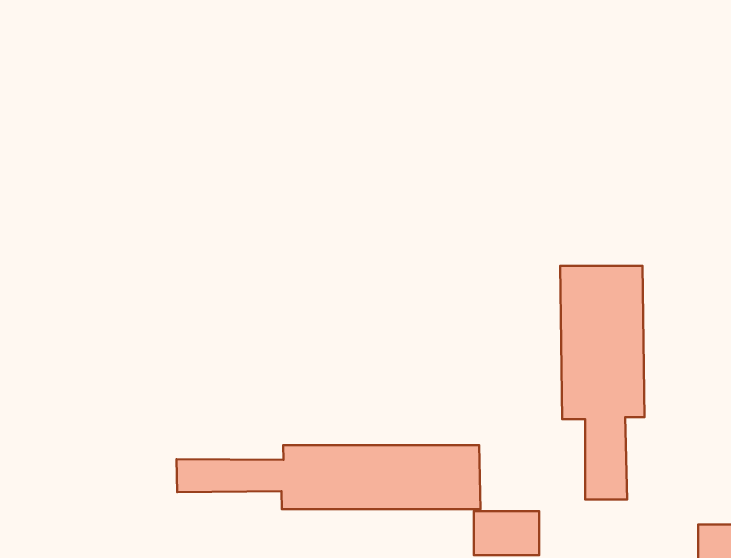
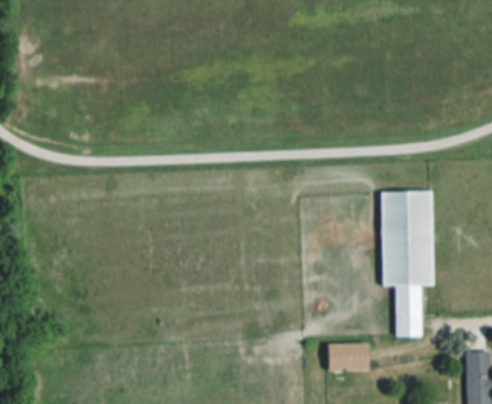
building: [177,445,481,509] -> none

